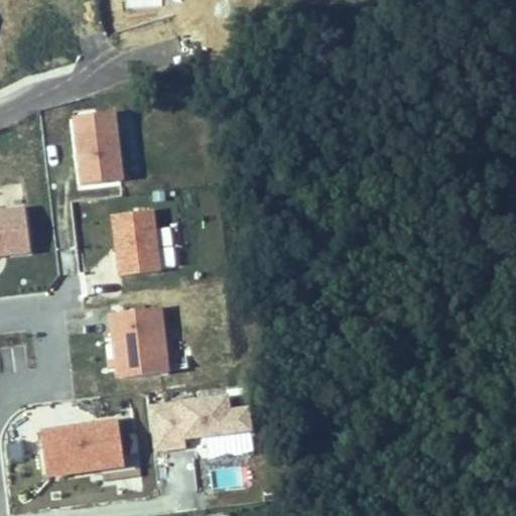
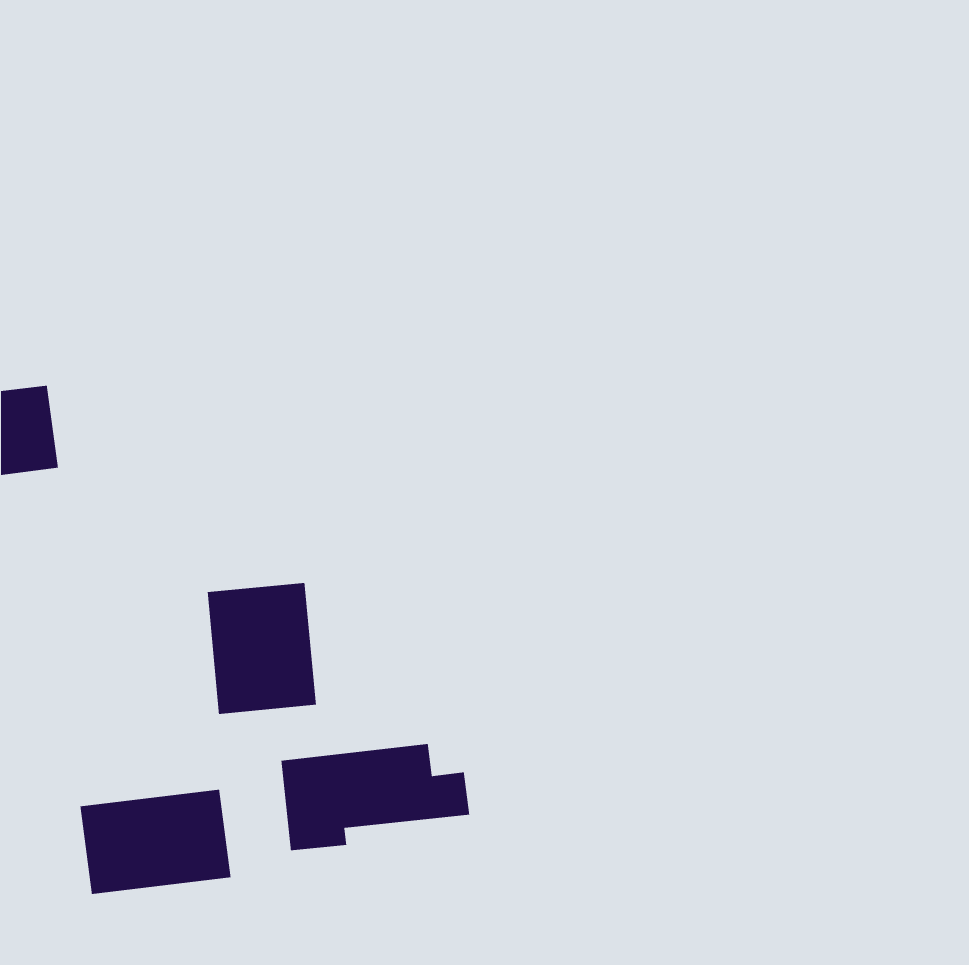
building: [72,111,122,181] -> none
building: [111,209,162,273] -> none

